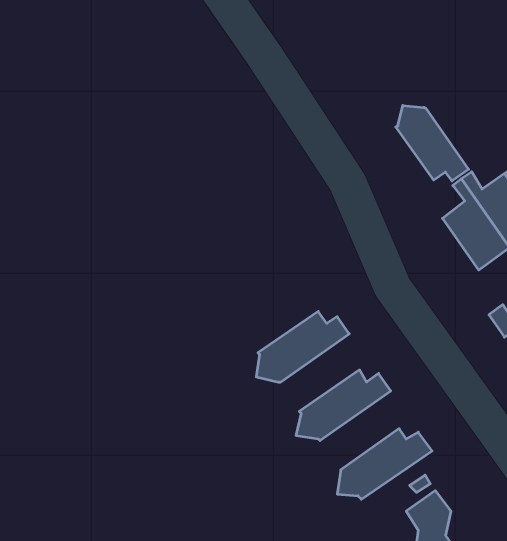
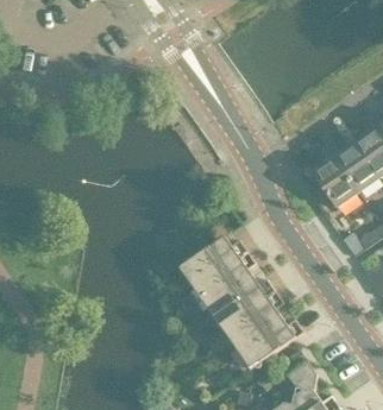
building: [396,105,469,181] -> none
building: none -> [194,256,253,309]
building: none -> [221,295,281,349]

